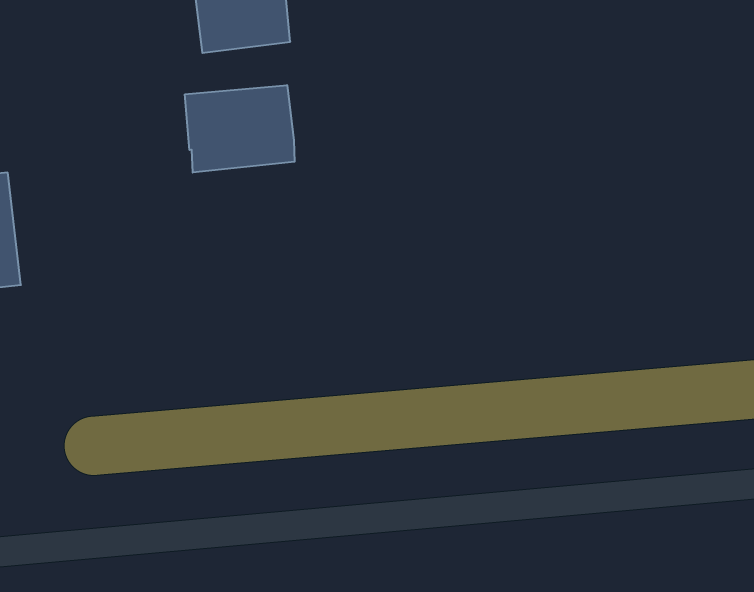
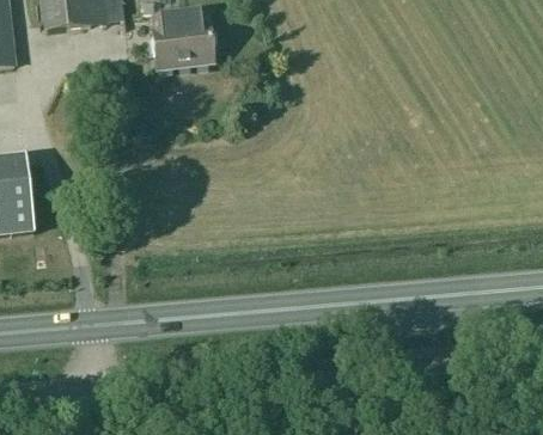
building: [185,85,295,173] -> none

